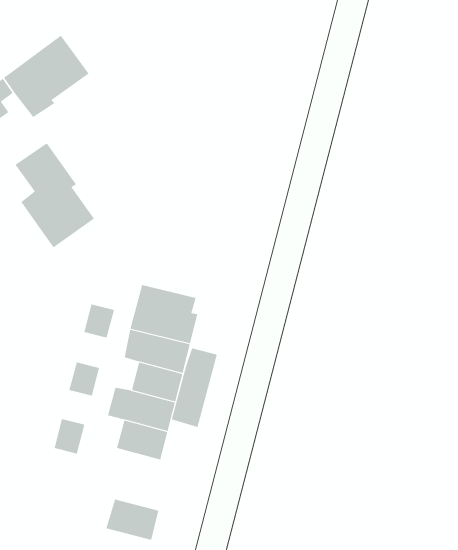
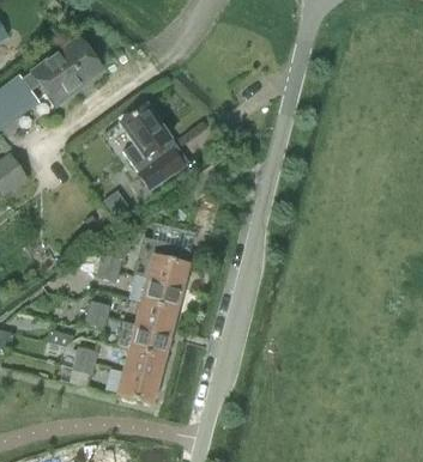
building: [14,143,95,248] -> [120,105,185,190]
building: [171,347,217,428] -> none
building: [106,499,159,540] -> [116,371,159,405]

